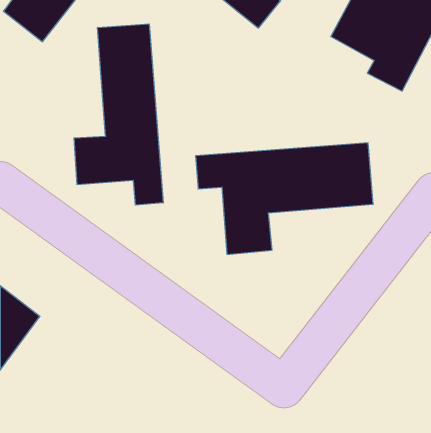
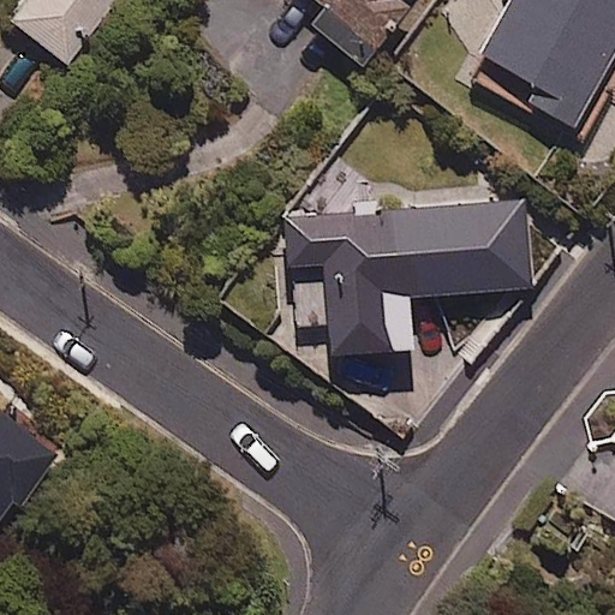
building: [74,24,163,205] -> none

